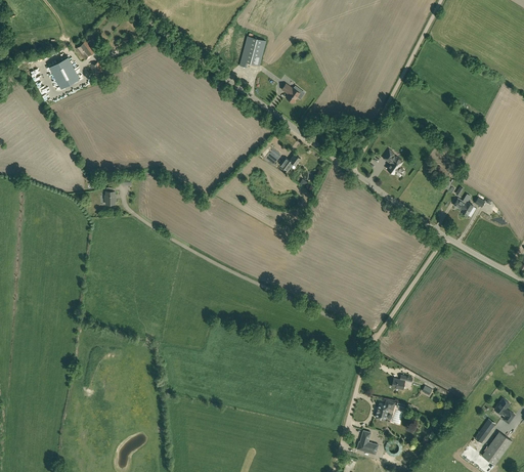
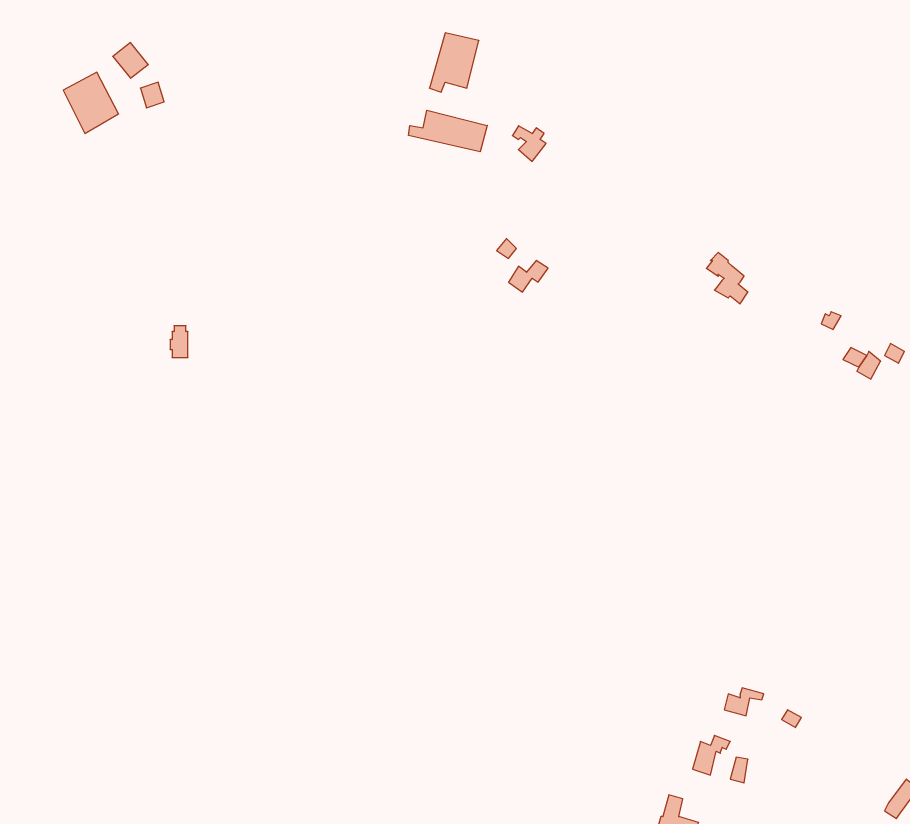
building: none -> [409,110,487,152]

